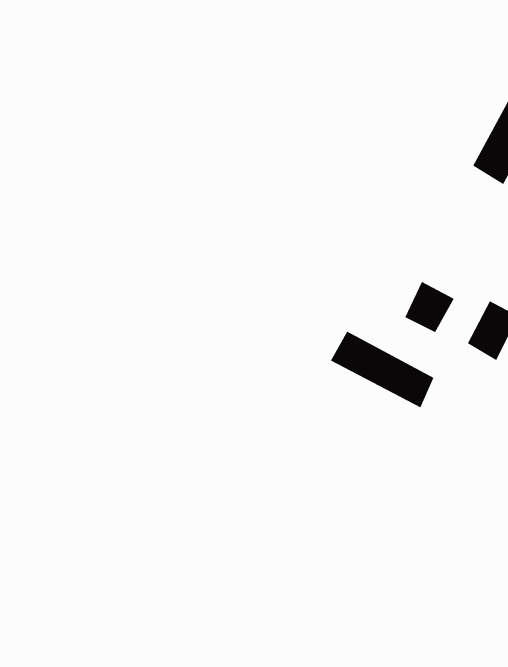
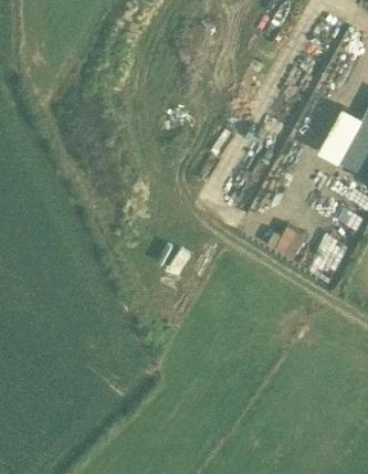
building: [330,330,435,409] -> none

